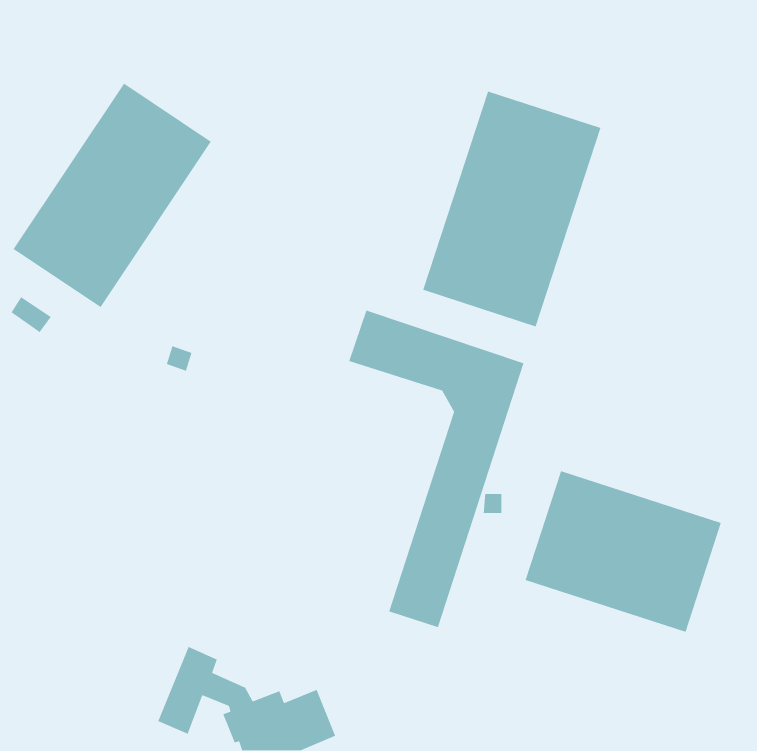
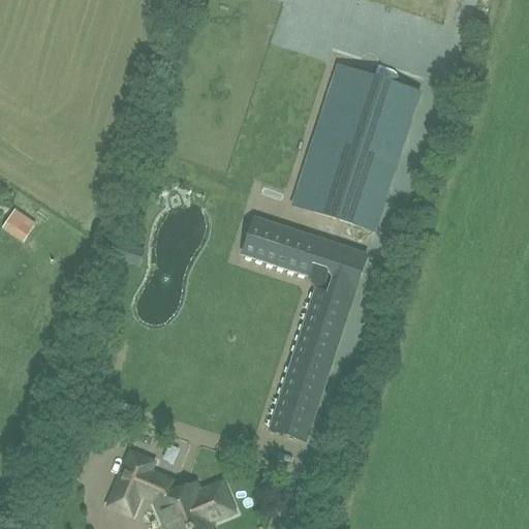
building: [12,83,212,308] -> none
building: [525,470,722,633] -> none

